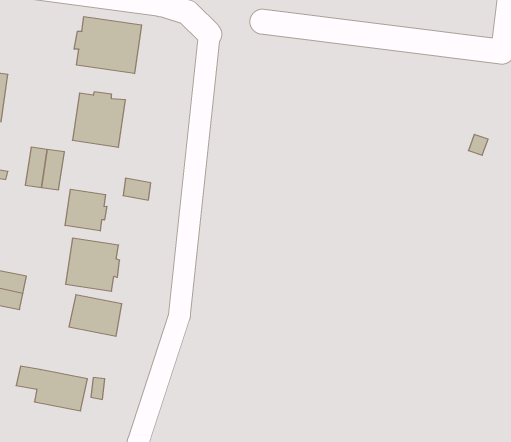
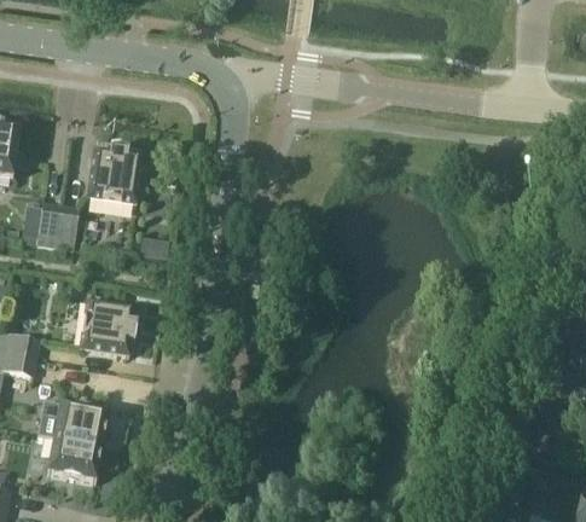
building: [74,17,142,74] -> none
building: [65,189,107,231] -> none
building: [69,295,122,336] -> [52,404,108,447]

